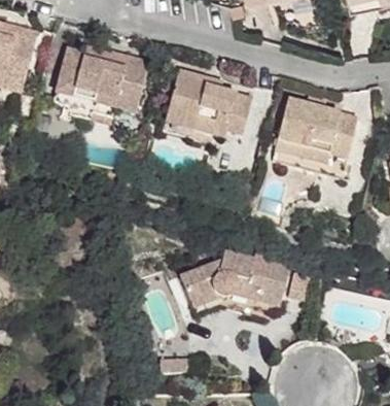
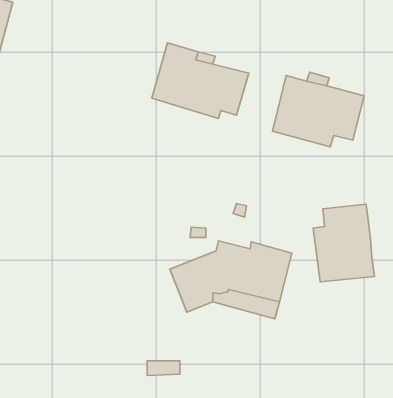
building: [52,45,149,113] -> none
building: none -> [313,204,374,282]

